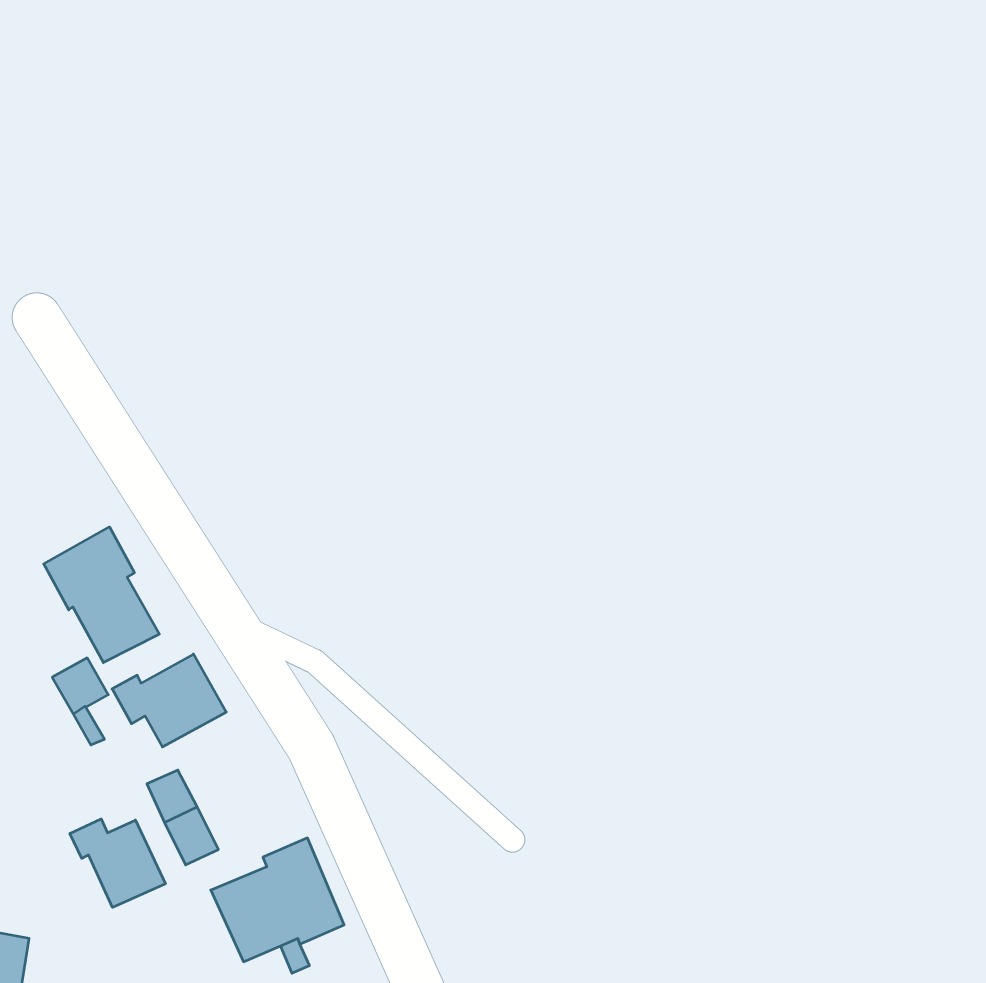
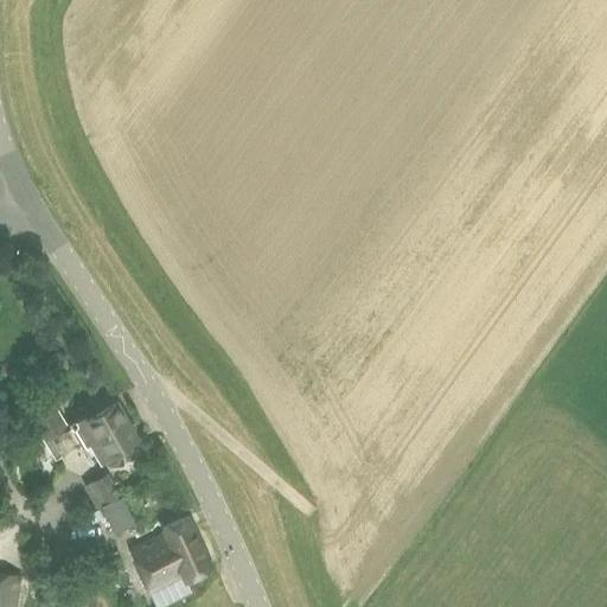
building: [44,527,159,663] -> none
building: [70,819,165,907] -> none

